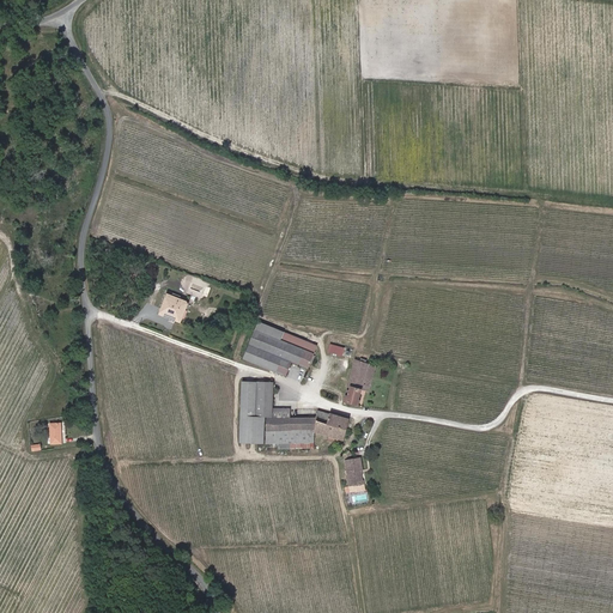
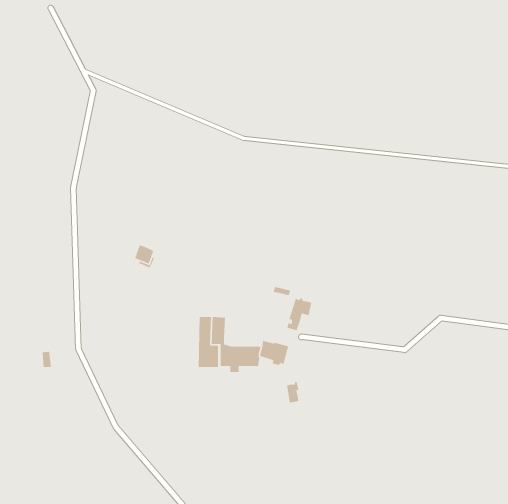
building: [242,321,315,375] -> none

